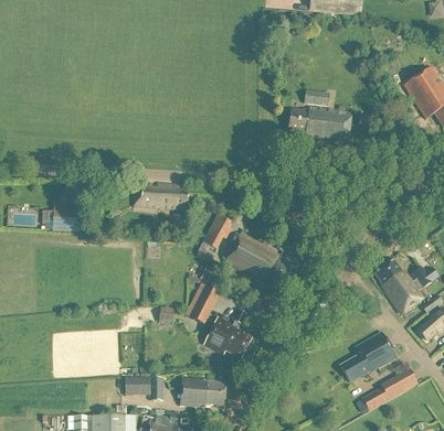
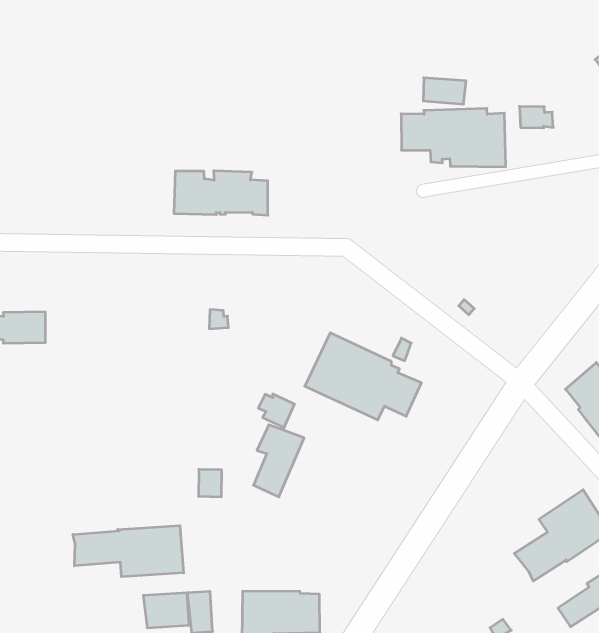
building: [133,182,188,211] -> [174,171,268,215]
building: [197,215,231,255] -> none
building: [203,311,251,358] -> none
building: none -> [73,526,184,577]

